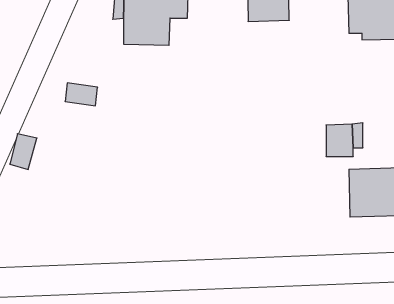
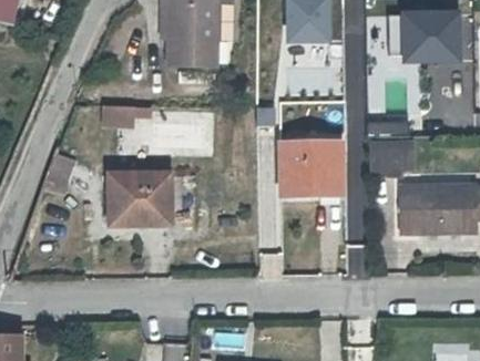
building: none -> [278,147,337,197]
building: none -> [118,165,174,215]

